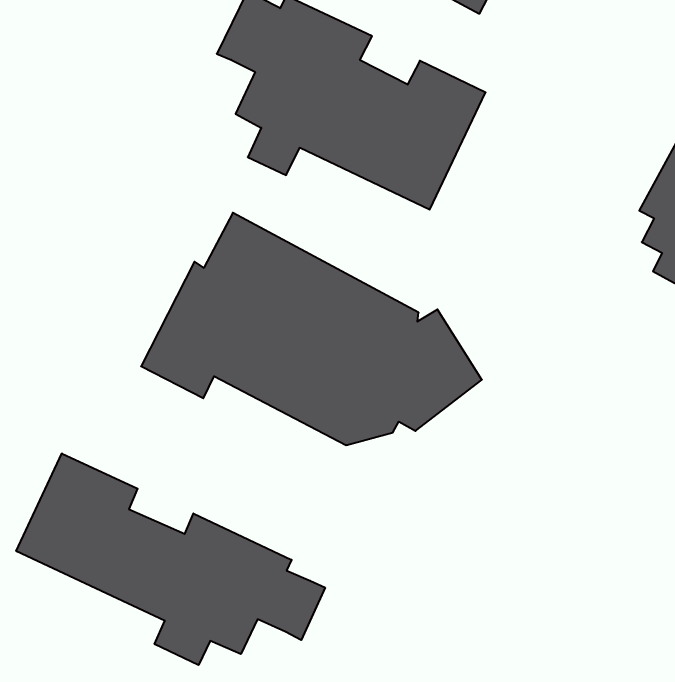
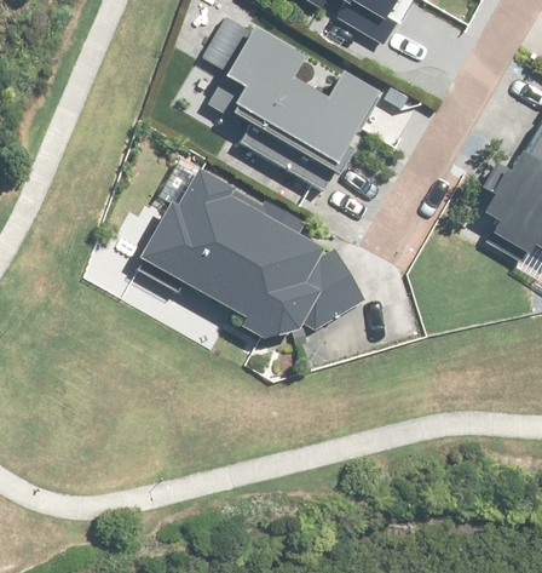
building: [16,453,325,665] -> none

